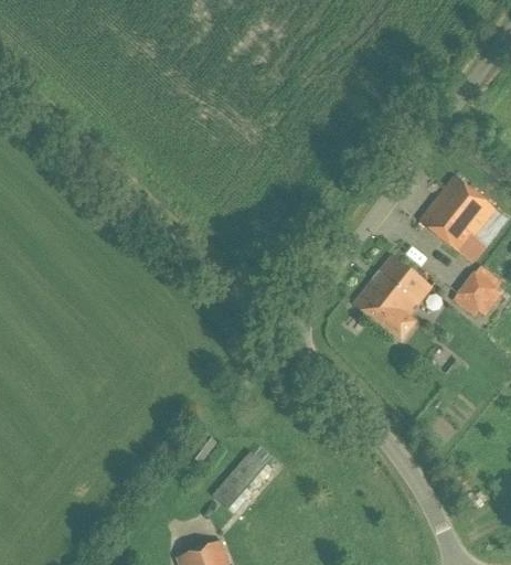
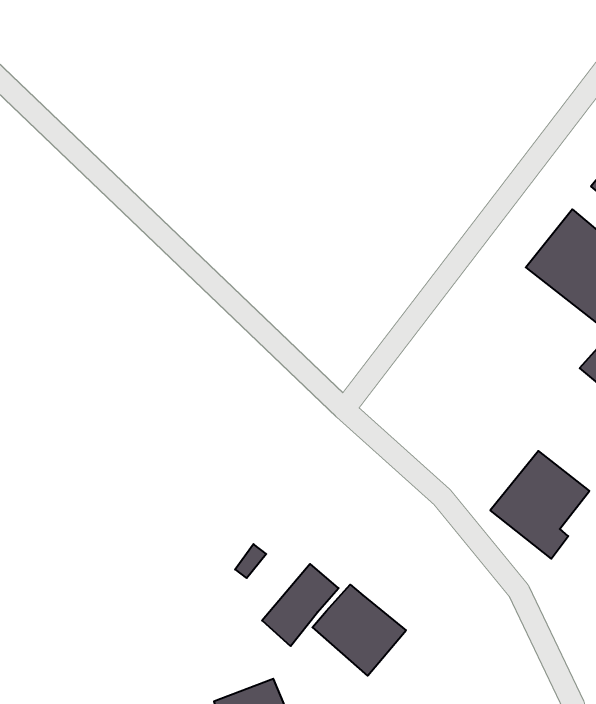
building: [352,255,429,339] -> [490,451,589,559]
building: none -> [312,585,406,676]

